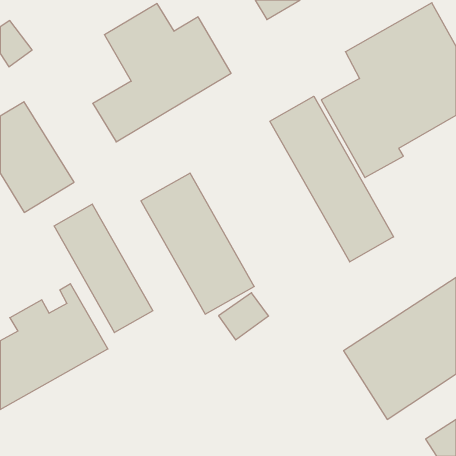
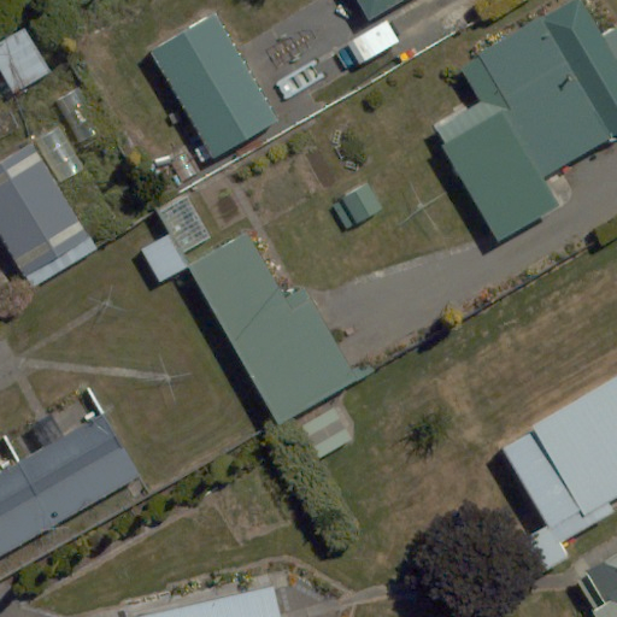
building: [270,96,394,262] -> none
building: [54,204,153,333] -> none

